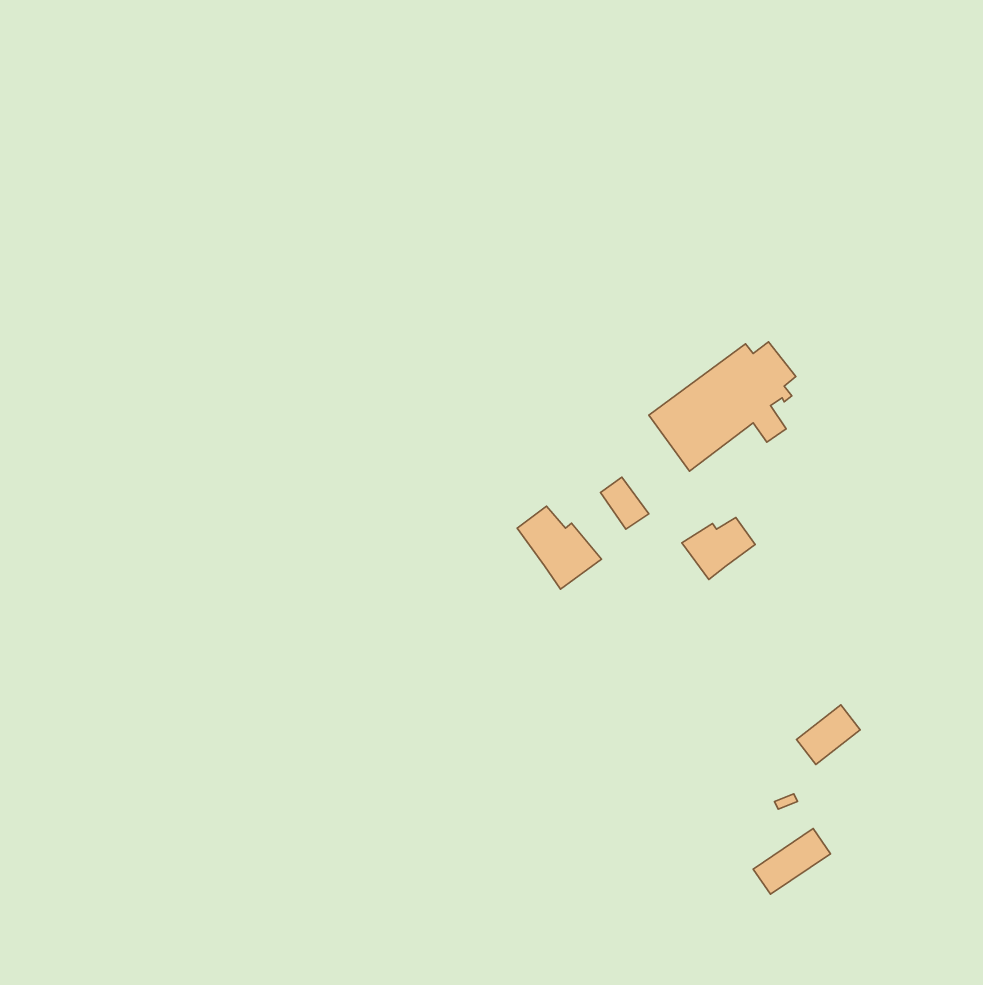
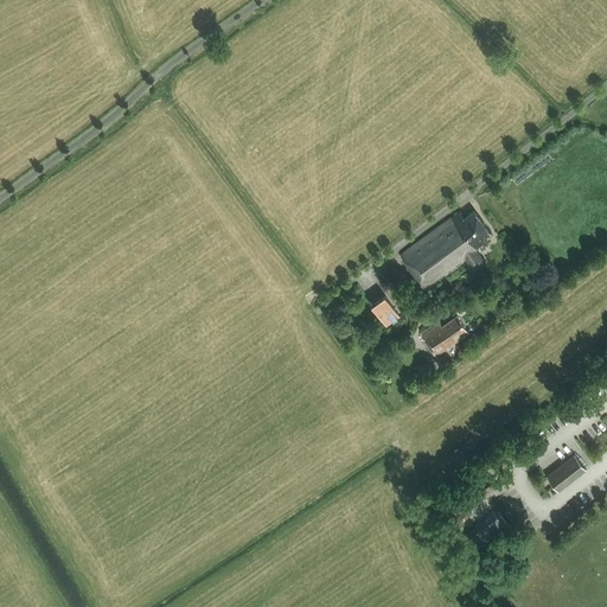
building: [517,506,602,589] -> none
building: [797,705,860,765] -> [545,455,584,492]

